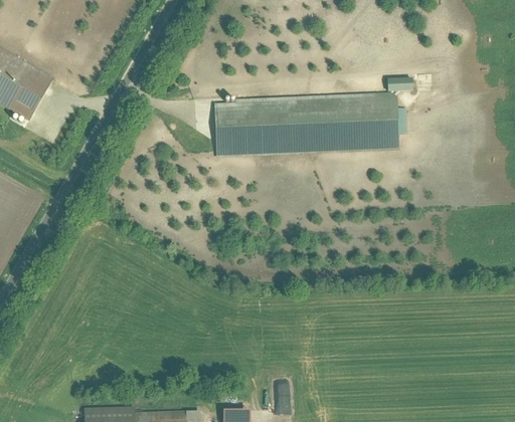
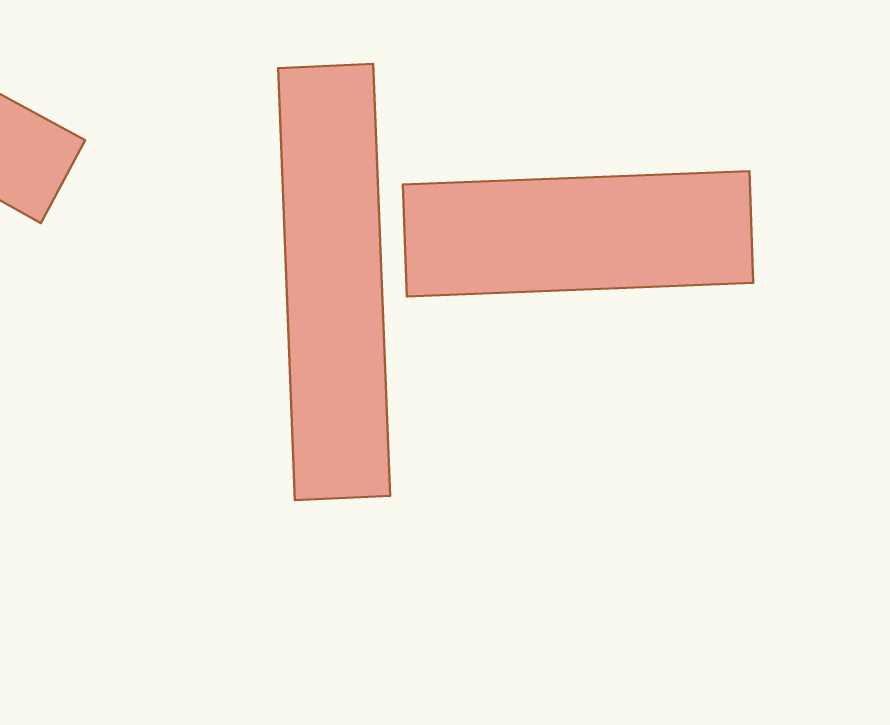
building: none -> [278,64,390,500]

